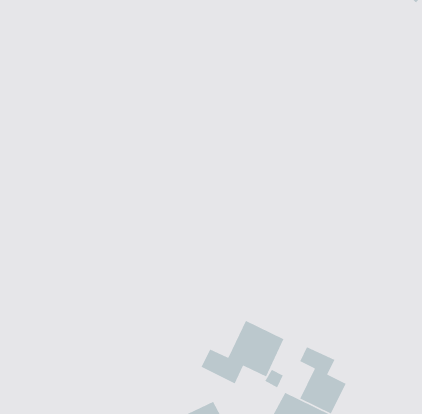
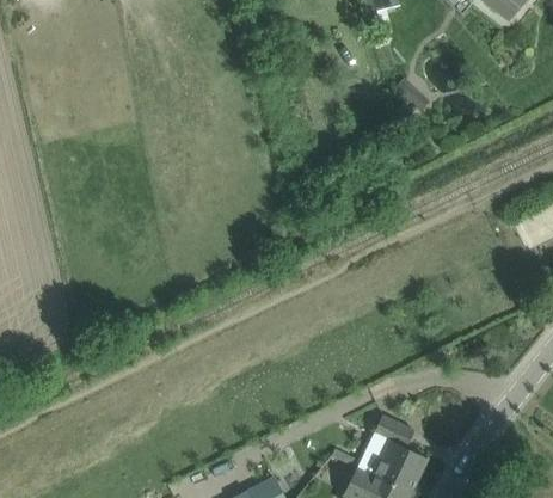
building: [200,320,284,385] -> none

